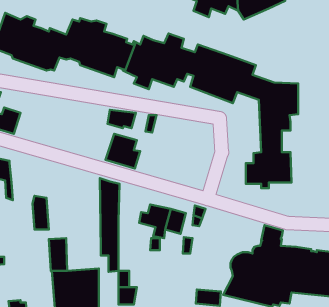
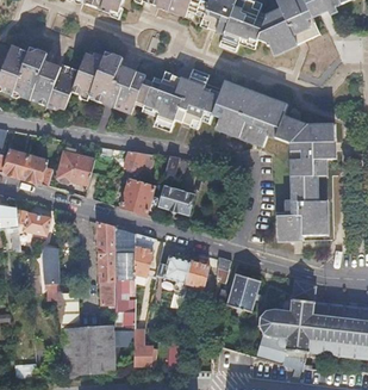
building: none -> [57,151,96,185]
building: none -> [21,155,54,186]
building: none -> [160,185,194,212]
building: none -> [17,210,52,235]
building: none -> [98,222,117,304]
building: none -> [136,233,157,276]
building: none -> [226,271,261,310]

